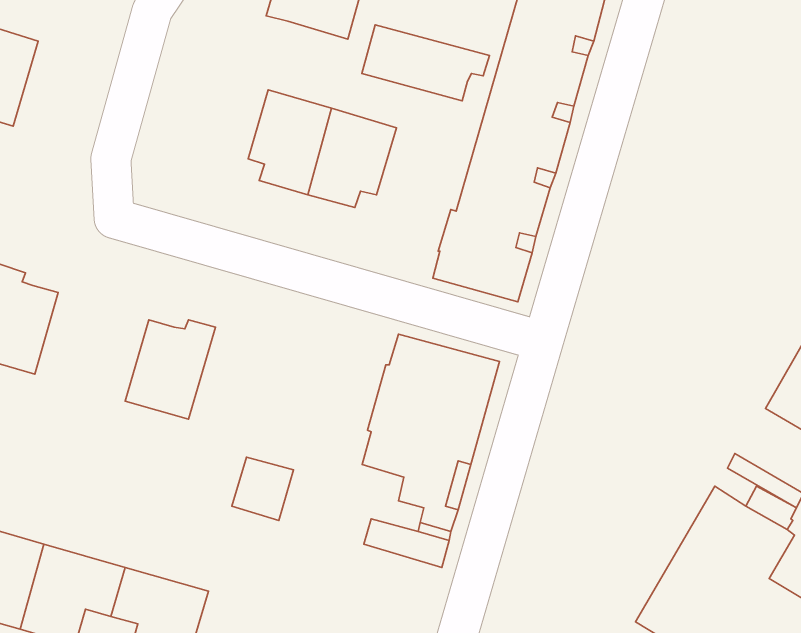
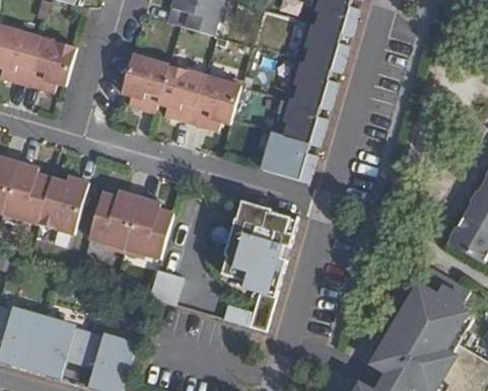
building: [362,25,489,101] -> none
building: none -> [25,36,76,91]
building: none -> [121,54,168,111]
building: none -> [38,177,88,233]
building: none -> [124,197,172,258]

